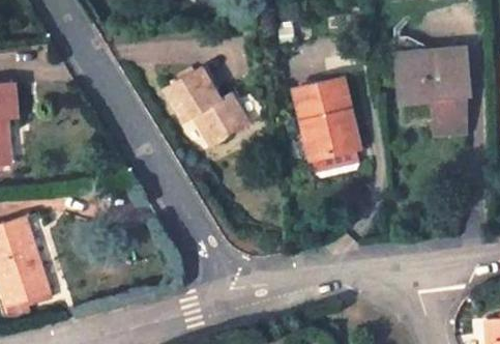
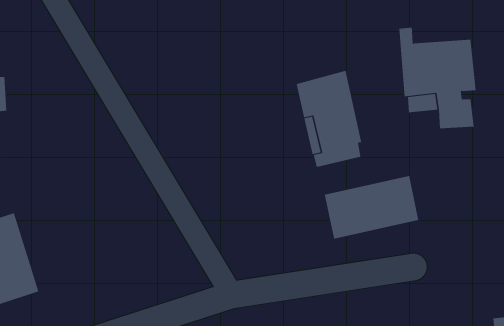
building: [166,68,249,146] -> none
building: none -> [324,175,419,239]

